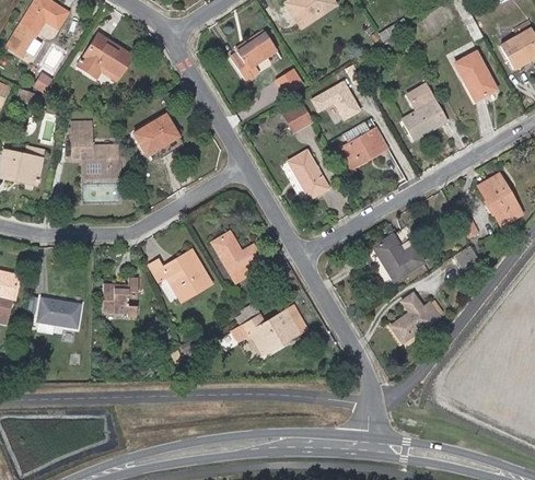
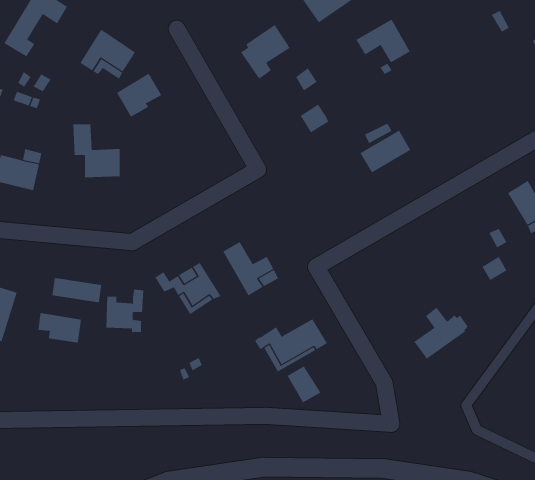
building: [454,50,497,102] -> none
building: [310,79,361,120] -> [355,19,411,63]
building: [402,83,446,140] -> none
building: [135,114,177,155] -> [116,73,162,118]
building: [288,150,327,198] -> none
building: [367,225,422,283] -> none
building: none -> [52,277,102,303]
building: none -> [287,365,321,403]

